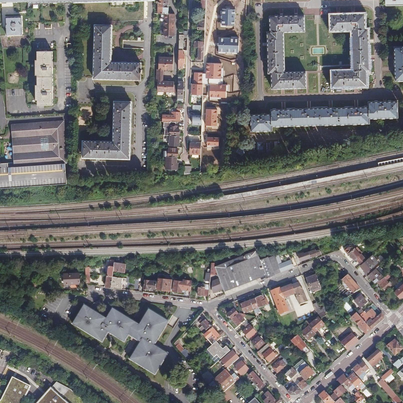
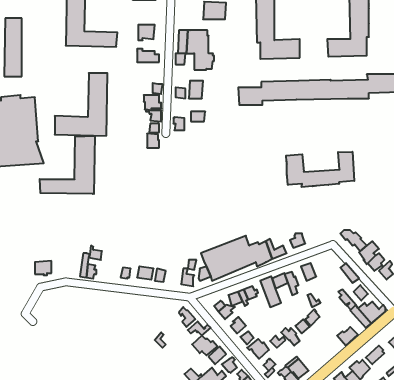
building: none -> [40,136,95,194]
building: none -> [286,152,354,187]
building: [71,303,168,373] -> none

